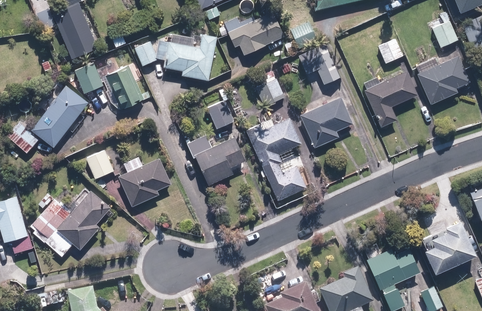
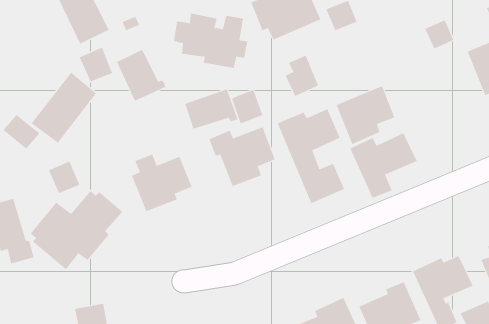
building: [133,41,157,67] -> none
building: [297,43,340,84] -> none
building: [359,70,419,128] -> [349,133,418,199]
building: none -> [185,88,238,130]
building: [85,149,113,178] -> [48,161,80,194]

